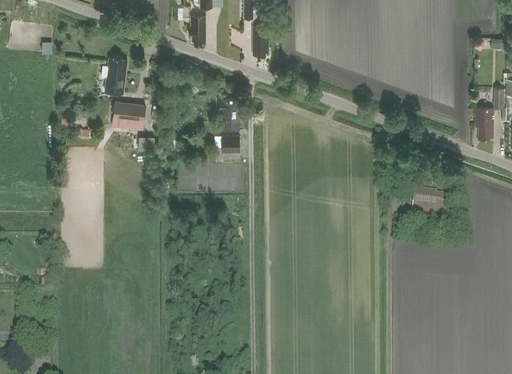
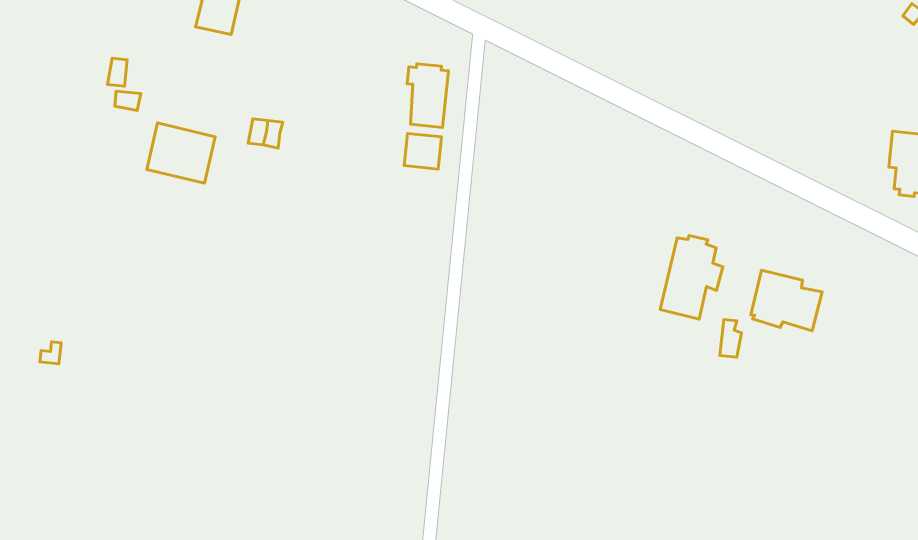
building: [112,100,146,129] -> [147,123,215,183]
building: none -> [660,235,723,319]

